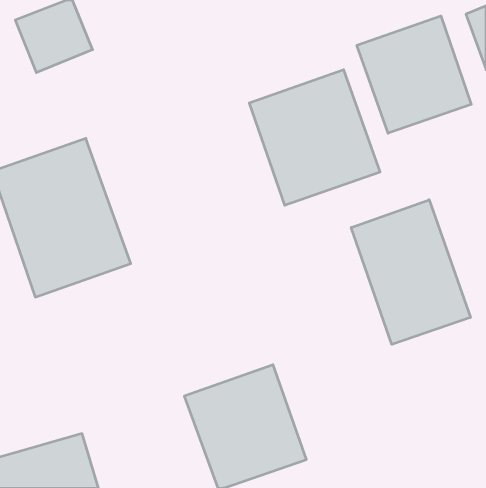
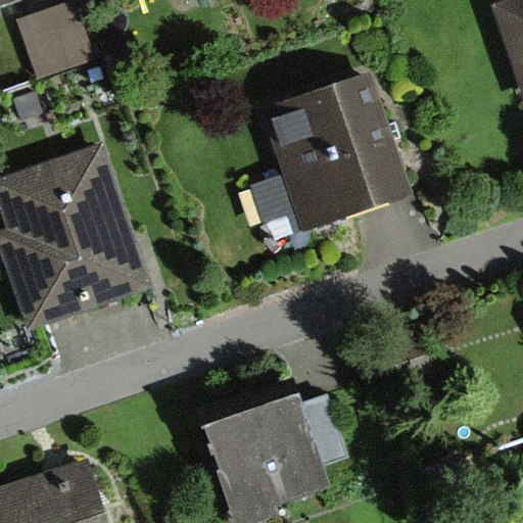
building: [357,16,471,133] -> none
building: [351,200,470,344] -> none

